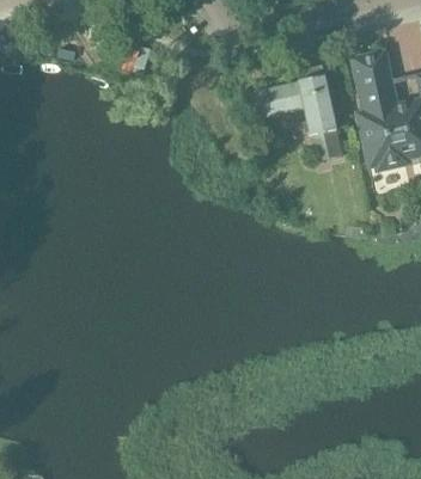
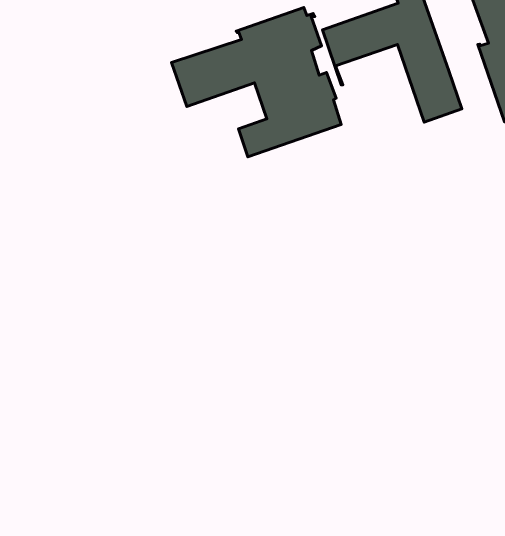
building: none -> [171,7,341,157]

